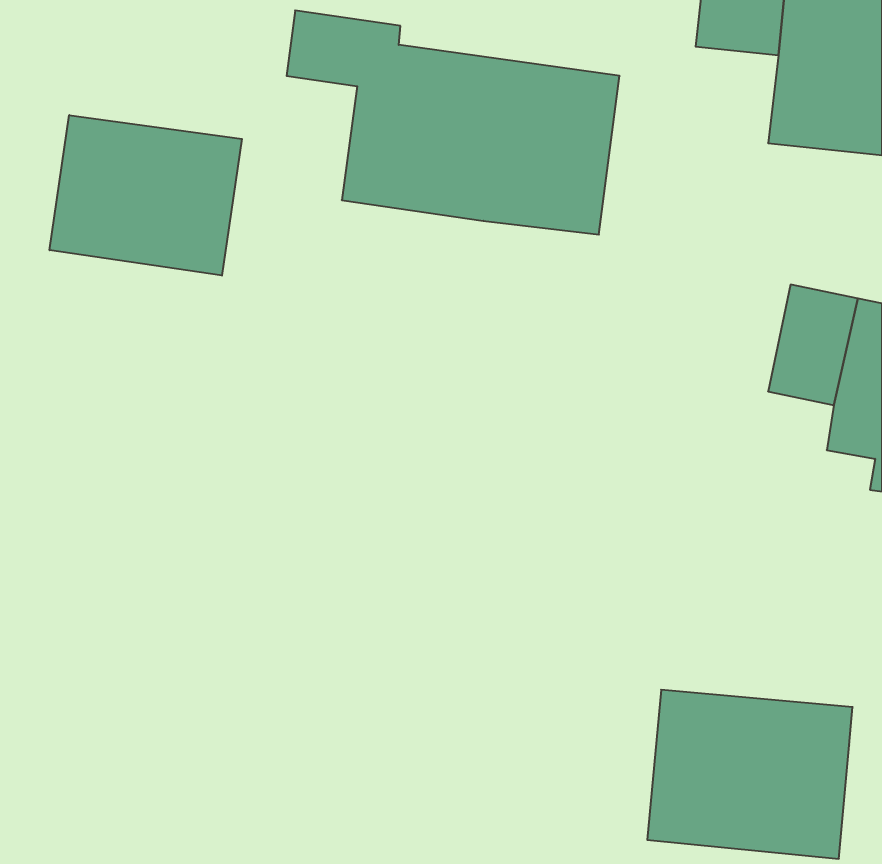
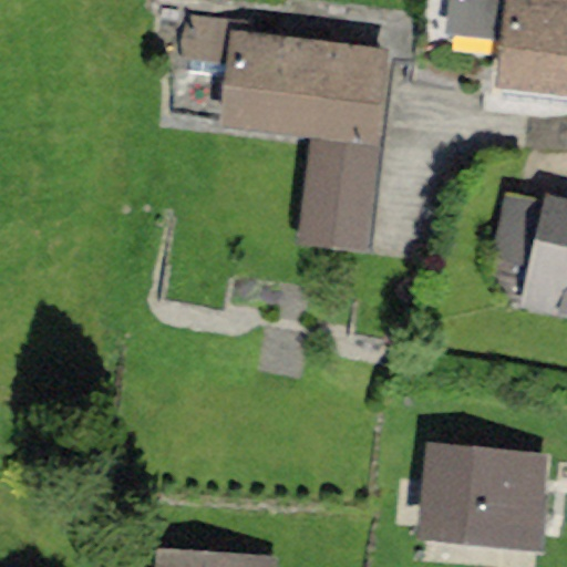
building: [50,115,242,276] -> none
building: none -> [298,142,384,252]

